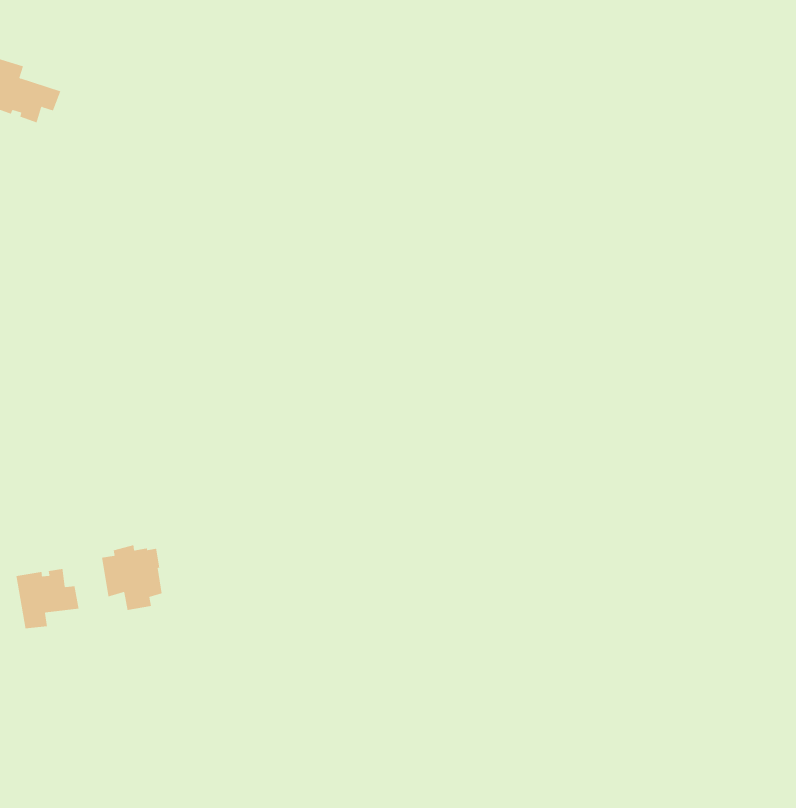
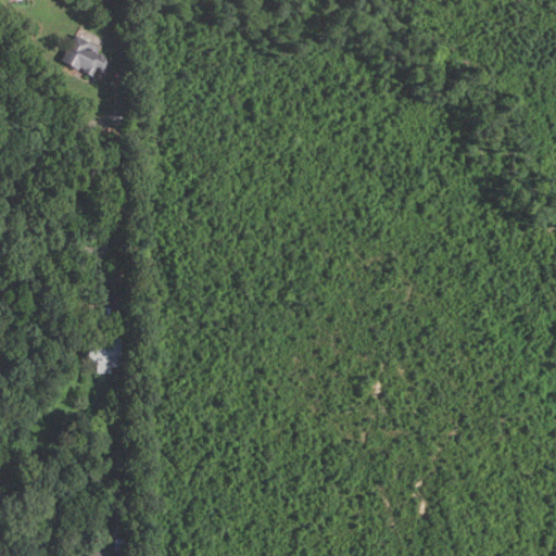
building: [16,568,79,629] -> none

